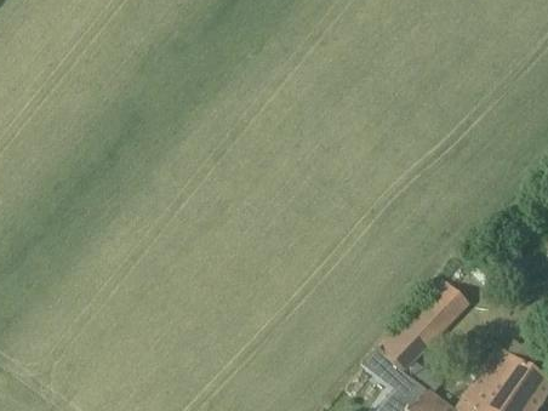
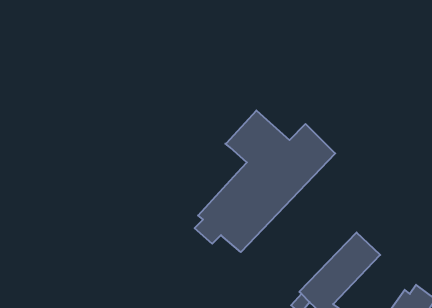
building: none -> [195,110,335,252]

